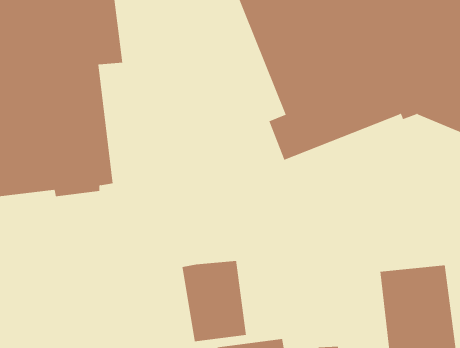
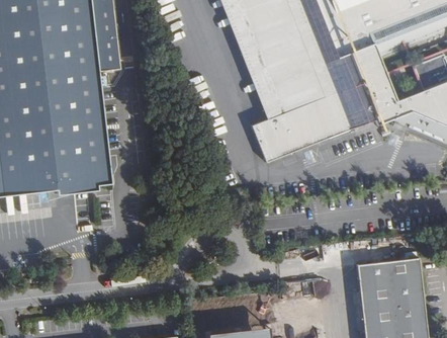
building: [182,260,246,342] -> none

